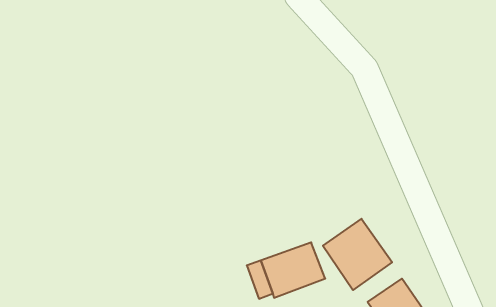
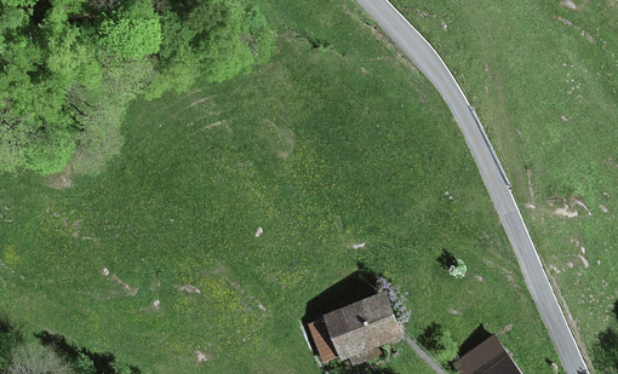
building: [323,219,392,290] -> none

